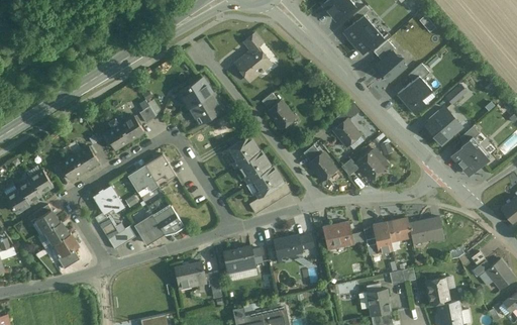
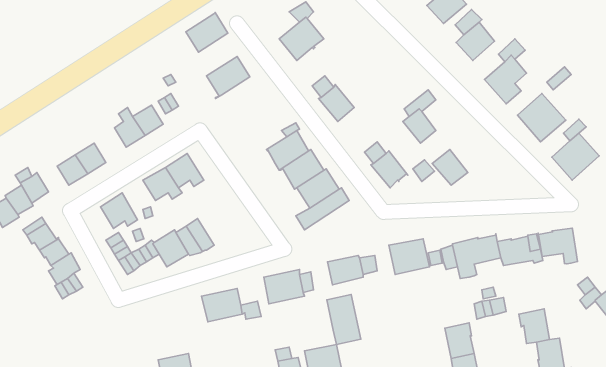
building: [190,93,223,124] -> [186,13,228,52]
building: none -> [538,228,577,264]
building: none -> [327,295,361,345]

